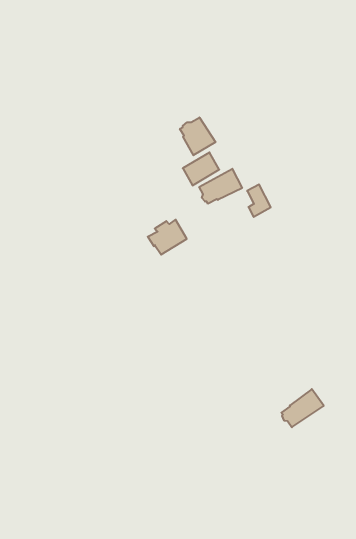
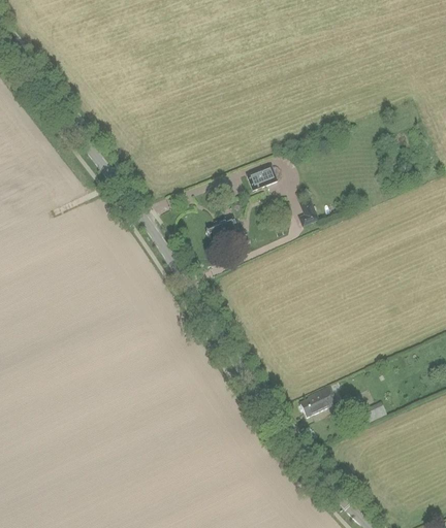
building: [180,117,215,155] -> none
building: [199,169,242,204] -> none

